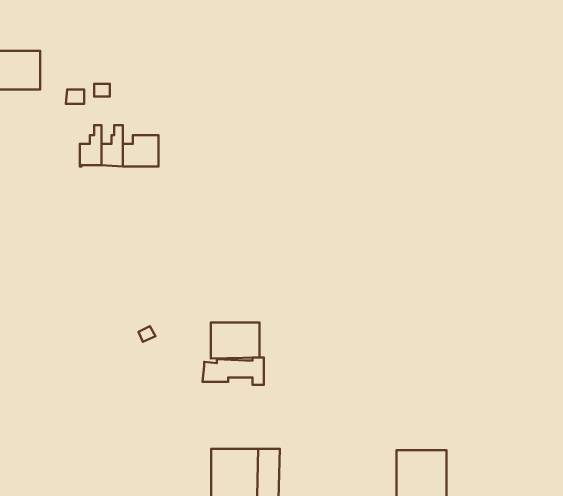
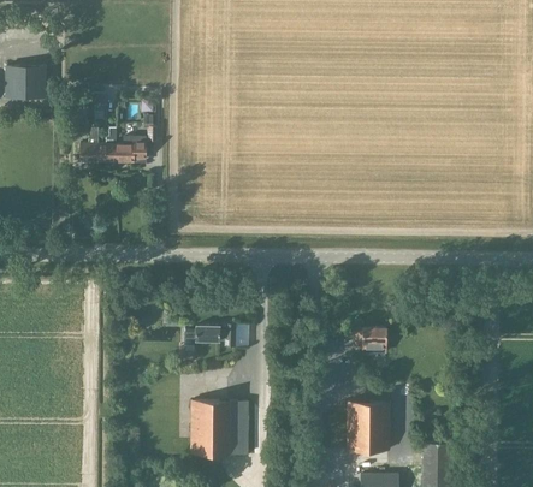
building: [211,323,260,359] -> none
building: none -> [355,327,385,348]

